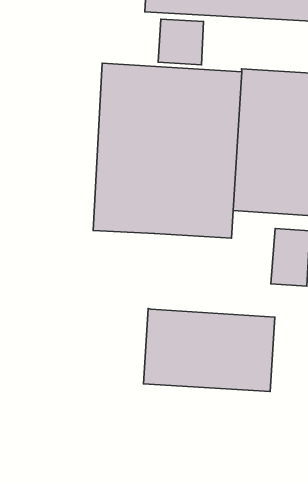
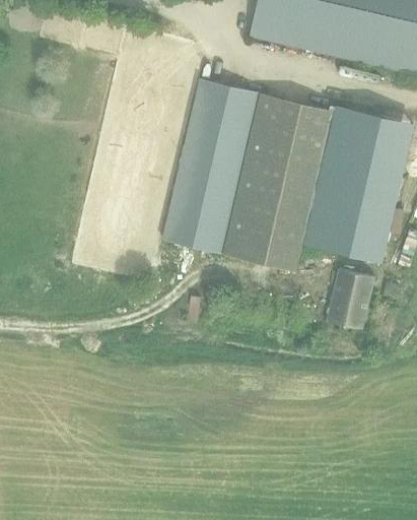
building: [158,19,203,65] -> none
building: [144,308,275,392] -> none

